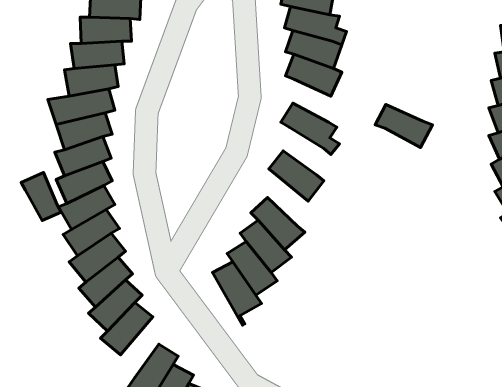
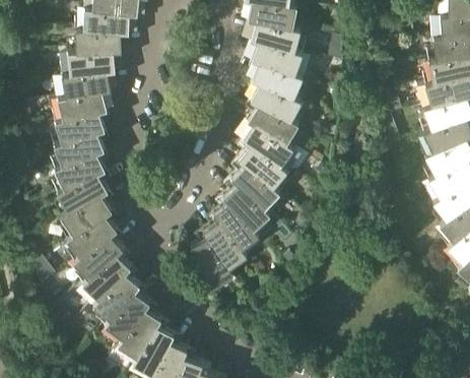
building: [375,104,433,147] -> [250,86,298,123]
building: none -> [244,127,290,168]
building: [21,173,61,221] -> none
building: none -> [230,168,277,211]
building: none -> [107,295,149,340]

